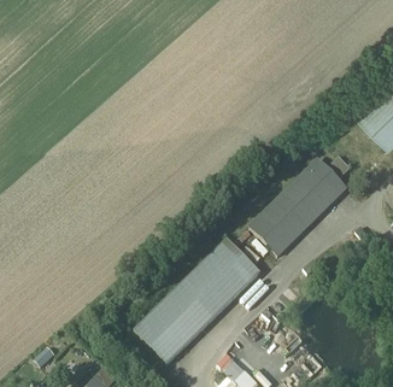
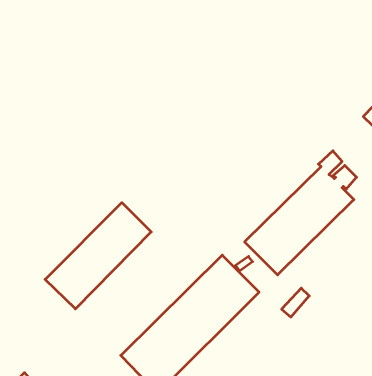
building: none -> [45,203,151,309]

